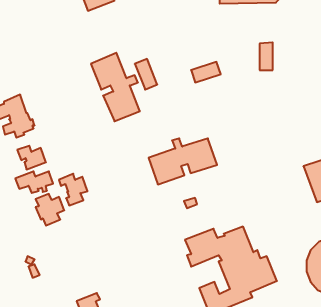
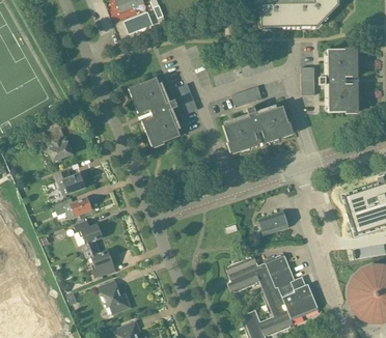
building: none -> [319,49,357,112]
building: [149,138,217,184] -> [222,106,292,152]
building: [59,174,88,205] -> [84,246,113,278]
building: none -> [258,210,287,234]
building: none -> [100,280,131,314]

